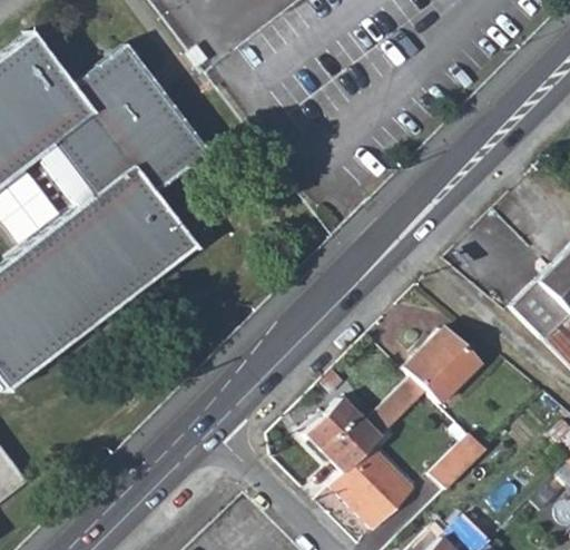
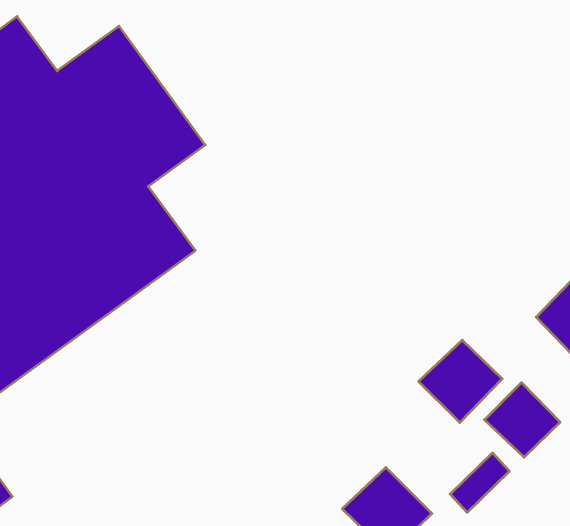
building: none -> [484,383,560,457]
building: [303,376,428,474] -> none

